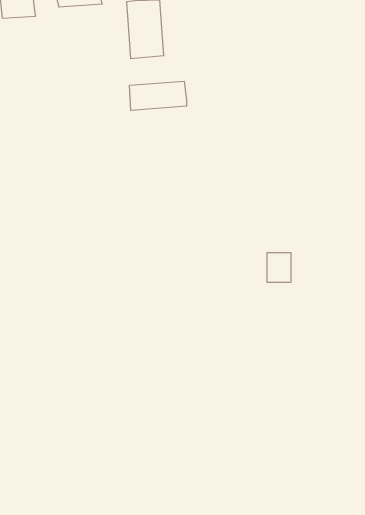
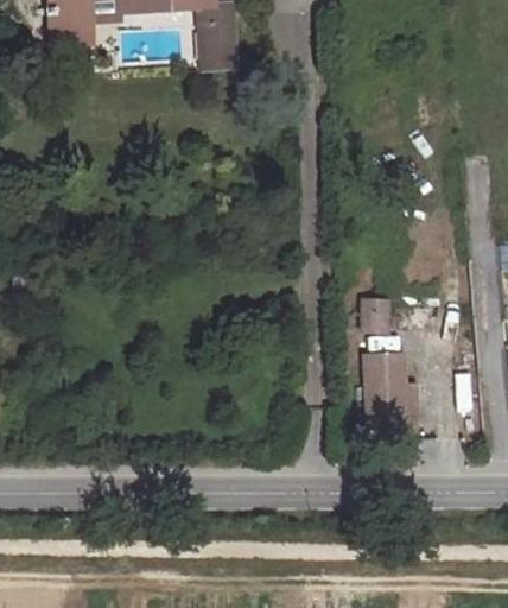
building: [130,81,186,110] -> none
building: none -> [367,350,418,428]

